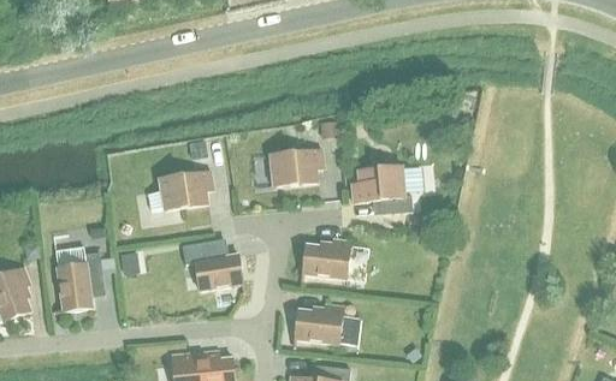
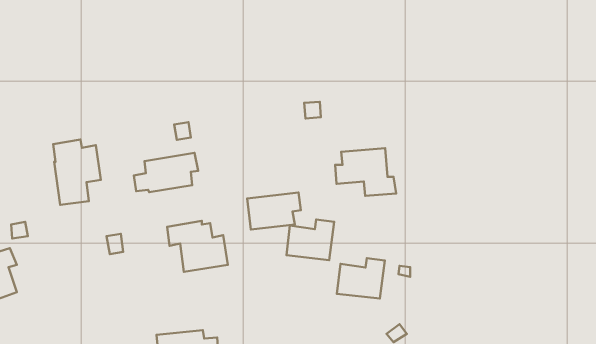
building: [270,149,324,186] -> [247,192,301,229]
building: [55,245,103,311] -> [53,139,101,205]
building: [295,303,343,344] -> [337,258,385,298]

